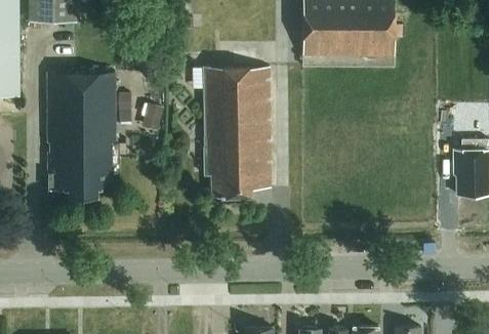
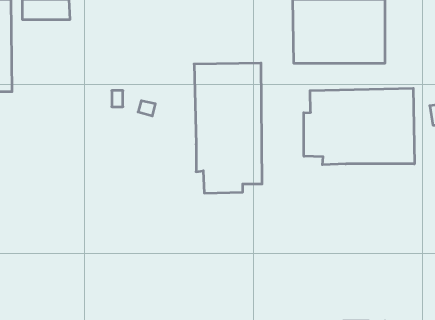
building: [47,72,119,200] -> none
building: none -> [304,88,414,165]

